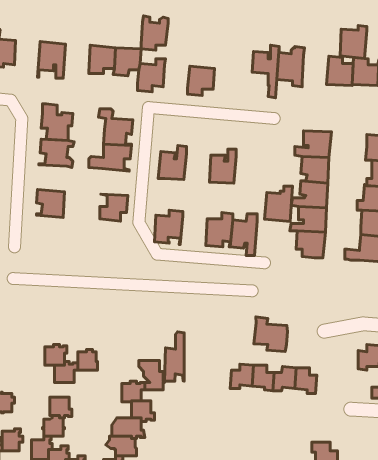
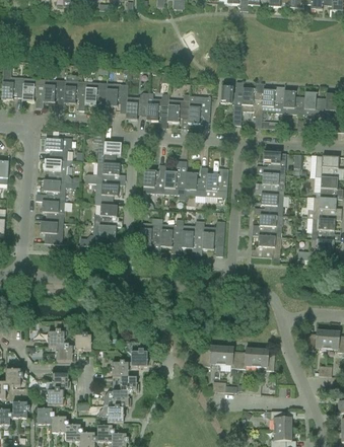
building: [141,16,168,50] -> [146,92,168,121]
building: [340,25,367,58] -> [262,86,284,114]
building: none -> [21,77,44,107]
building: none -> [63,80,85,109]
building: none -> [188,100,210,124]
building: none -> [163,171,186,200]
building: none -> [36,180,66,203]
building: none -> [94,183,118,206]
building: [264,186,293,222] -> [205,168,228,198]
building: none -> [160,219,183,253]
building: none -> [40,222,63,244]
building: none -> [80,225,116,247]
building: [254,317,287,352] -> none
building: [164,332,184,381] -> none

